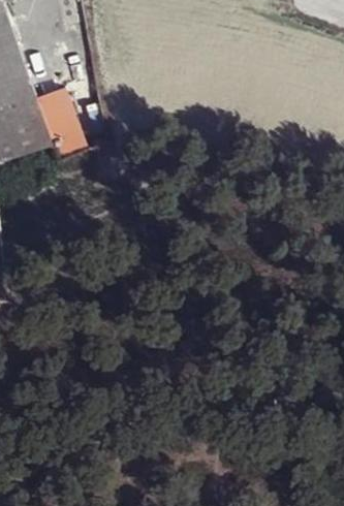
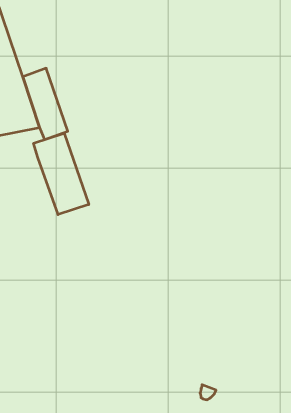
building: none -> [34,133,89,215]

